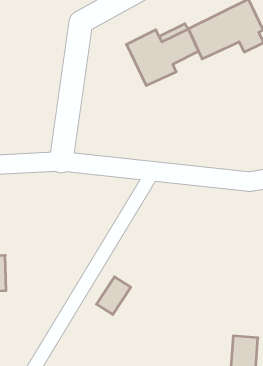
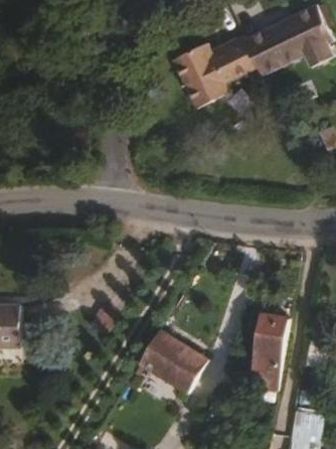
building: none -> [253,314,286,393]
building: none -> [151,345,200,396]

